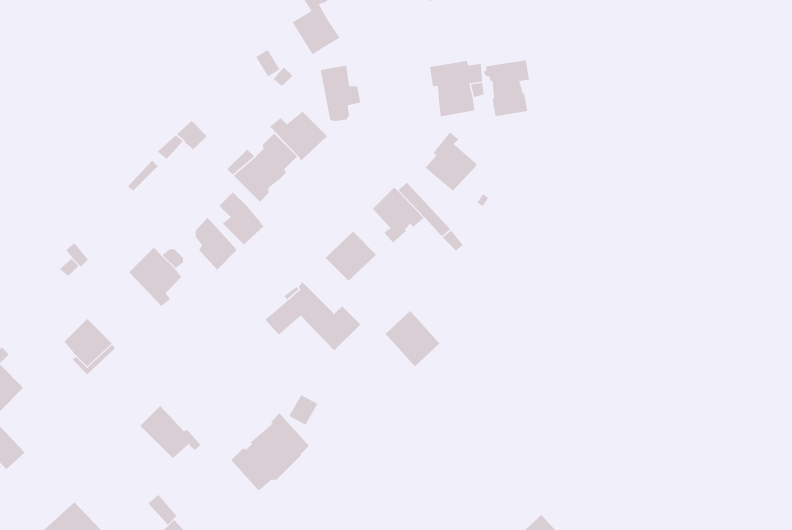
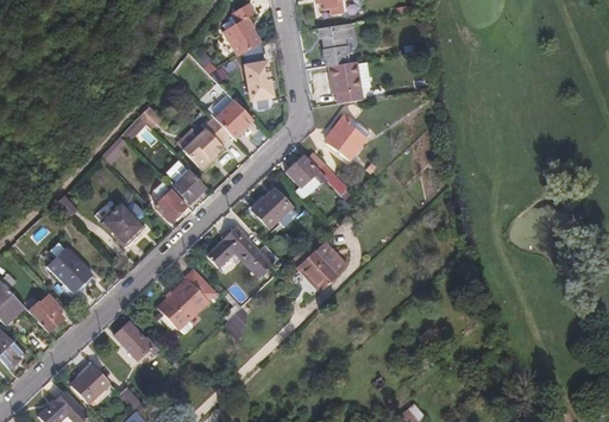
building: [482,59,530,116] -> [318,23,353,65]
building: none -> [30,294,68,332]
building: [230,413,310,492] -> [156,270,215,329]
building: none -> [69,364,107,403]

